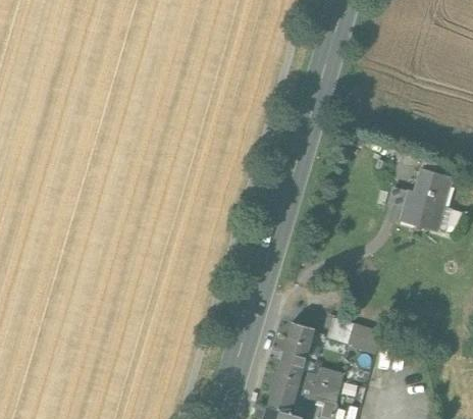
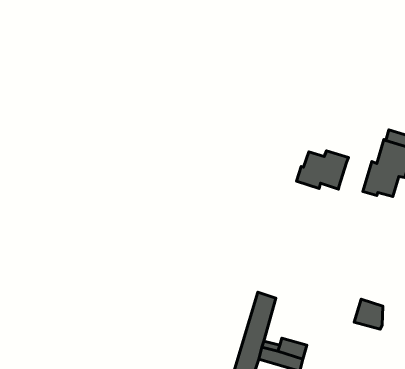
building: none -> [296,151,349,189]
building: [350,324,379,355] -> [354,299,383,329]

